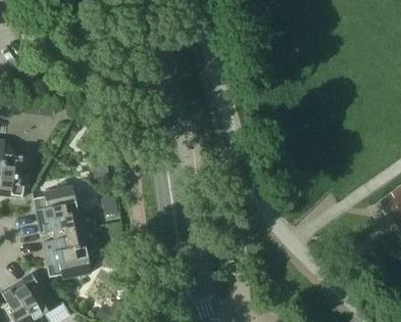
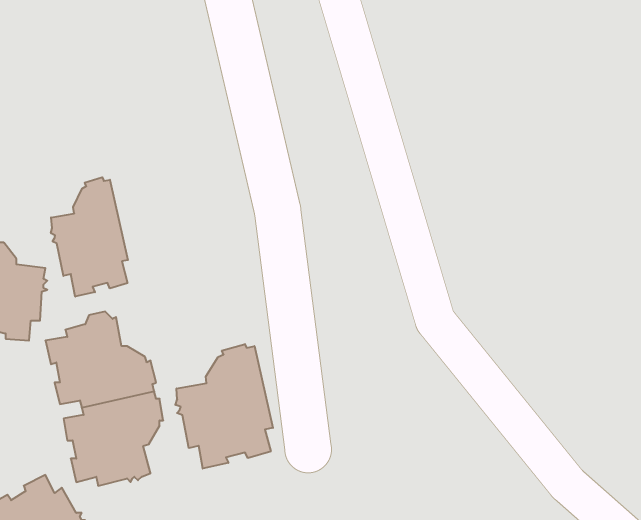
building: none -> [51,177,128,297]
building: none -> [175,344,273,469]

